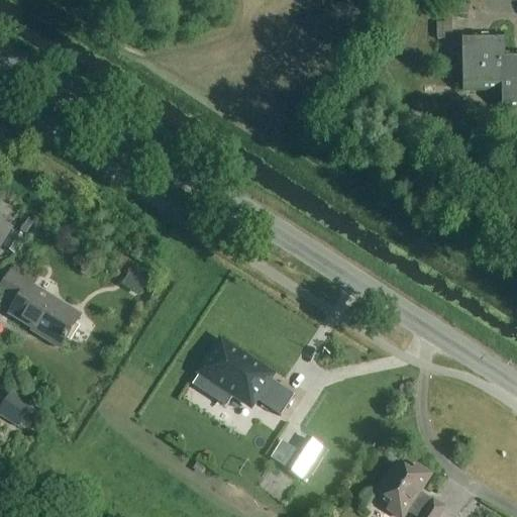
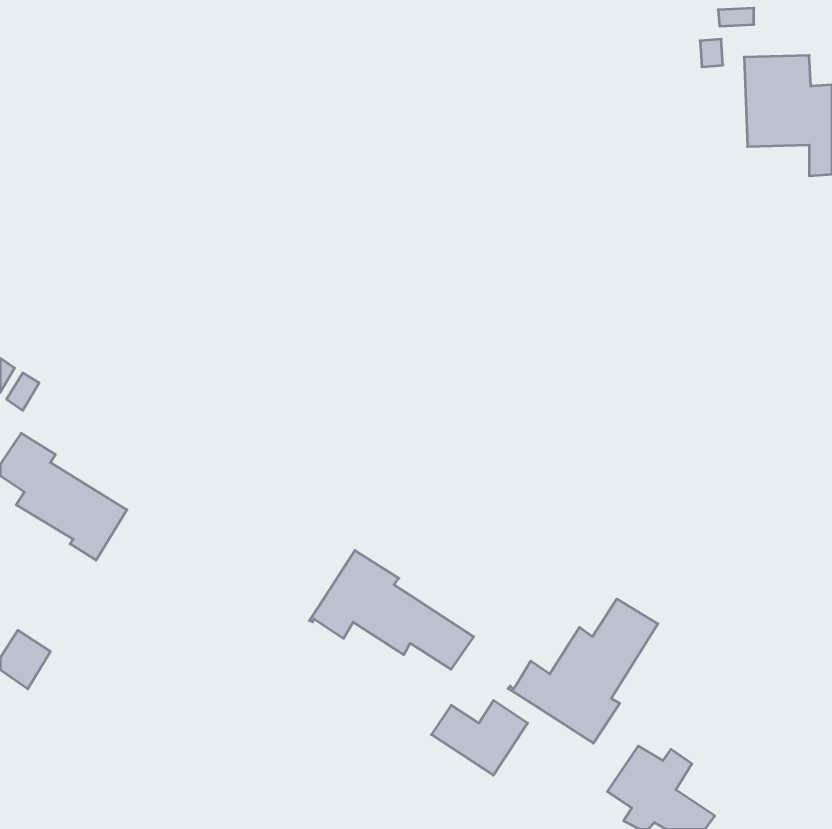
building: none -> [508,599,658,743]

